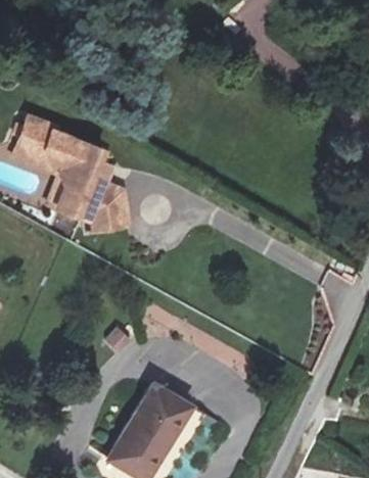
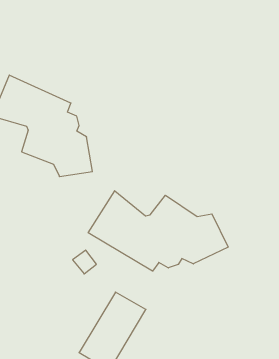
building: none -> [88,191,228,271]

